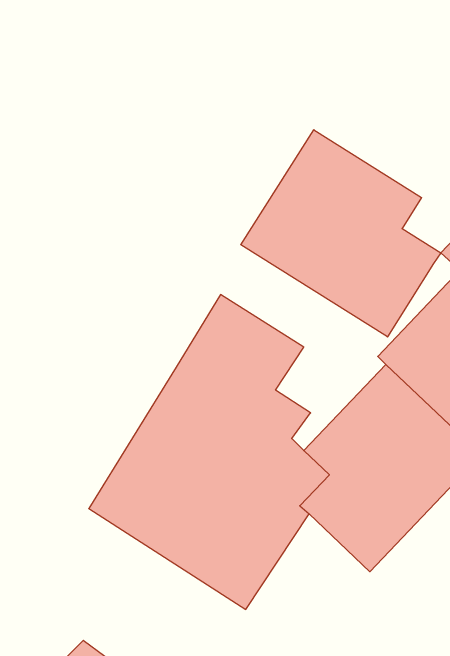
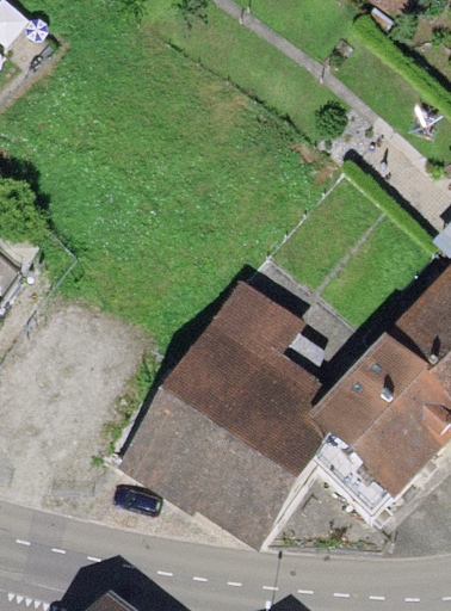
building: [241,130,441,337] -> none

